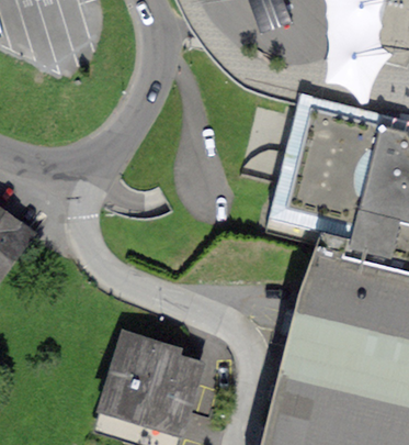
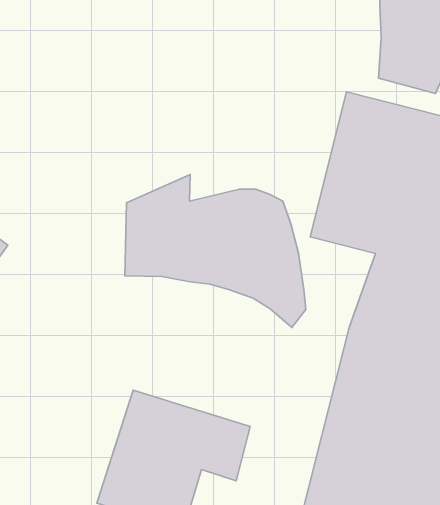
building: none -> [125,174,306,328]

